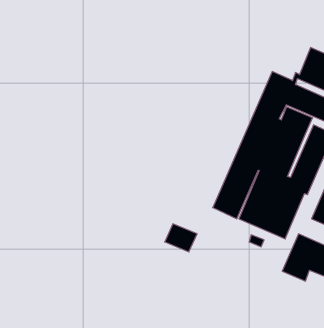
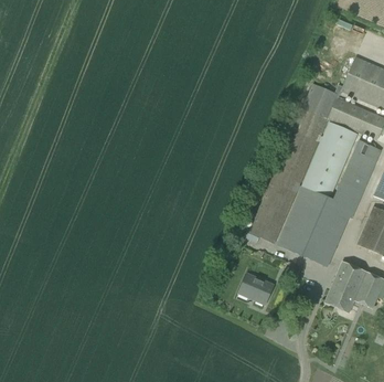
building: [165,224,197,252] -> [238,273,274,304]

